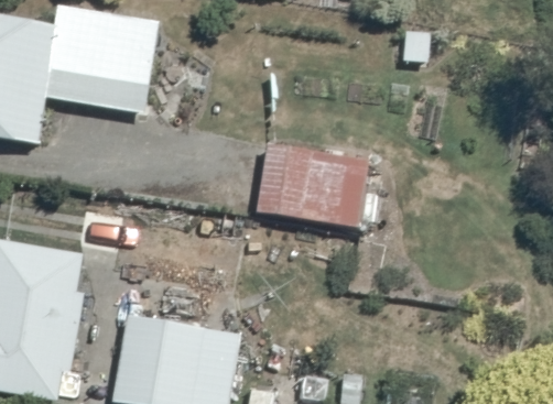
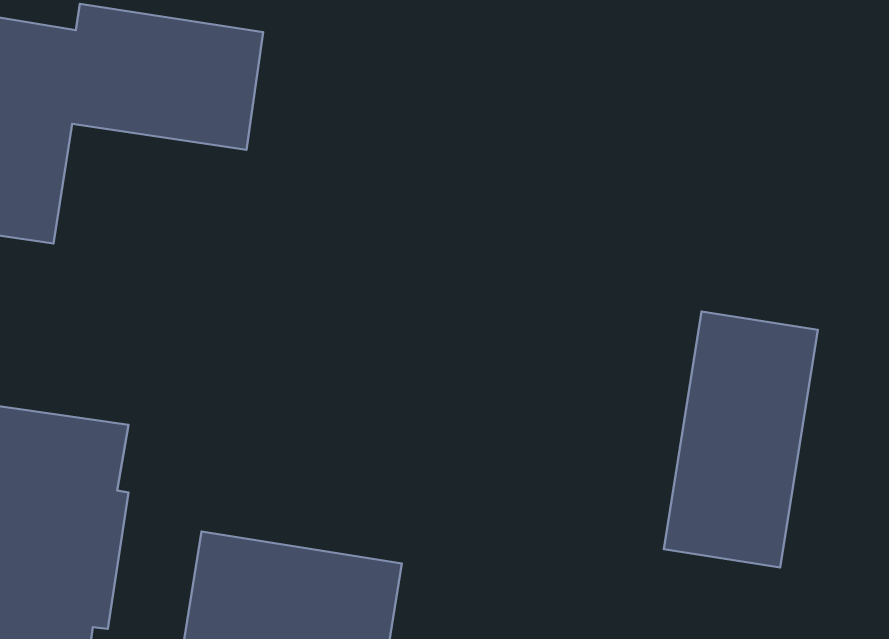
building: [248,141,366,227] -> none
building: none -> [664,312,818,567]

